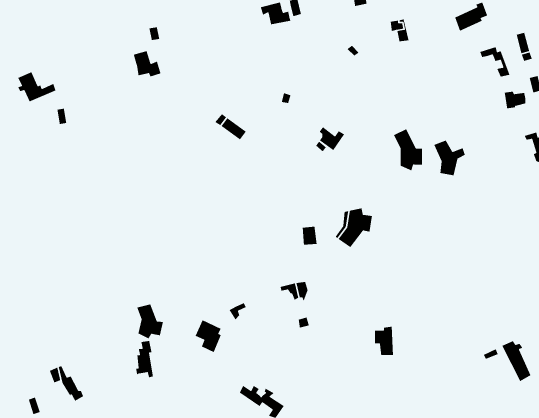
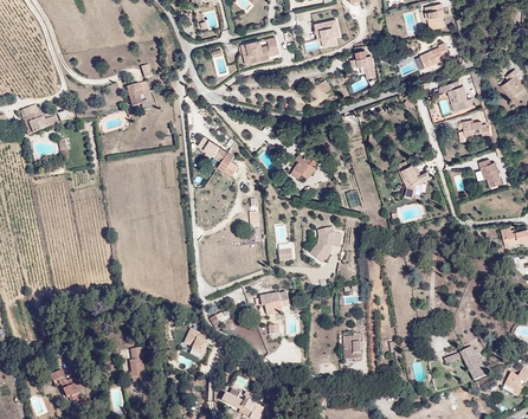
building: [393,128,423,171] -> none
building: [136,303,164,340] -> none

